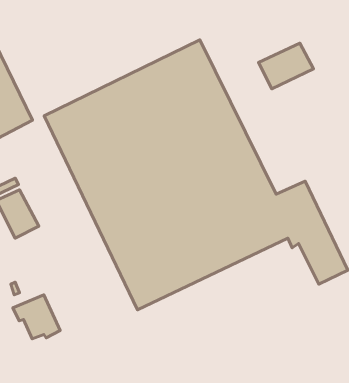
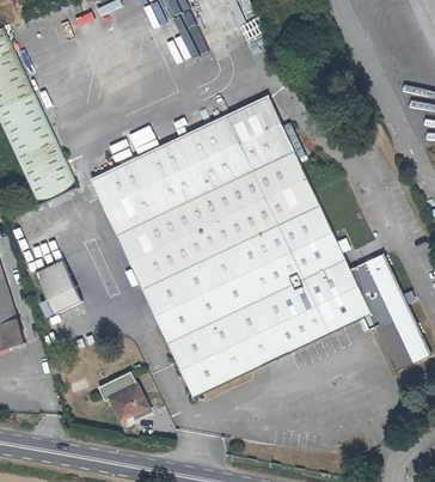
building: [259,43,314,89] -> none
building: [13,295,60,339] -> [99,368,152,417]

